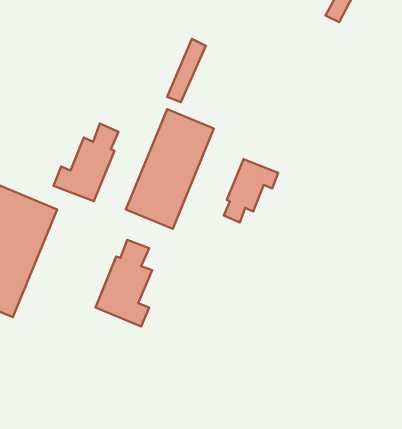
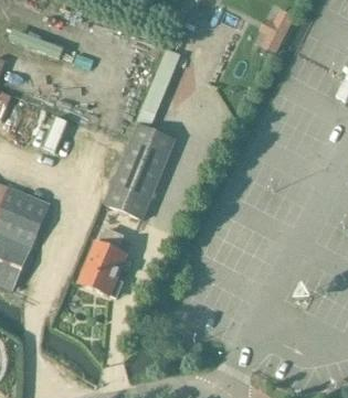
building: [54,123,118,201] -> none
building: [224,159,278,223] -> none

